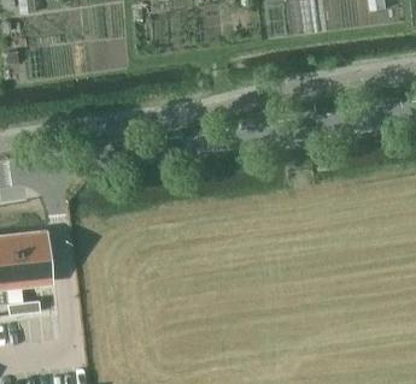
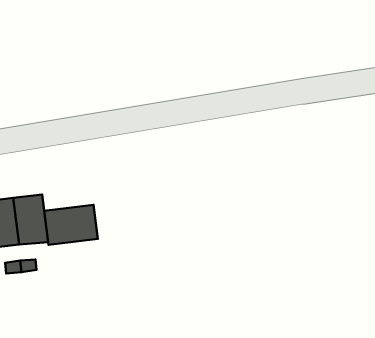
building: none -> [44,205,98,245]

